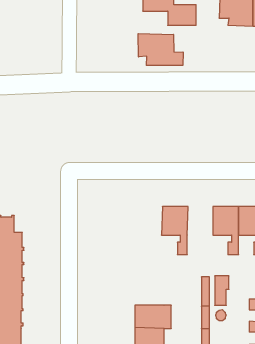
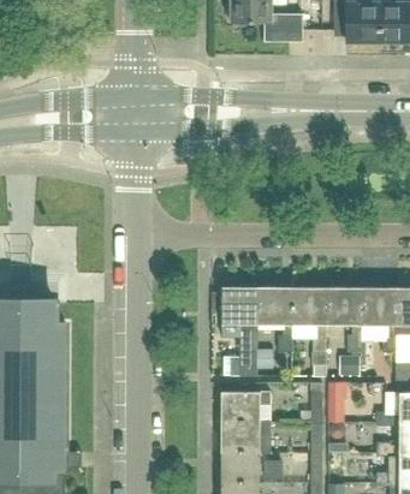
building: [138,34,183,65] -> none
building: none -> [220,287,257,375]
building: none -> [291,287,326,364]
building: none -> [220,392,269,421]

